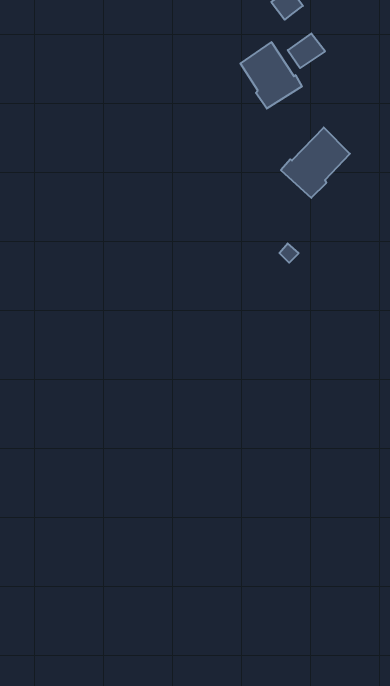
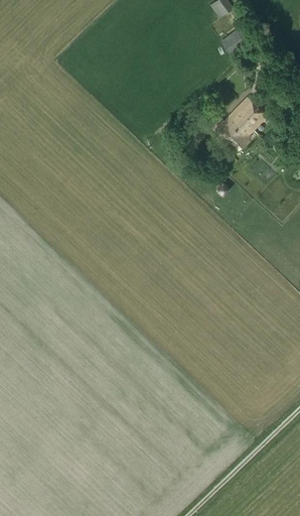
building: [240,42,302,109] -> none

